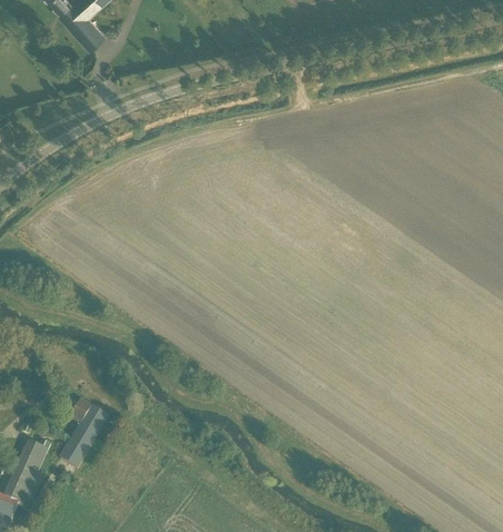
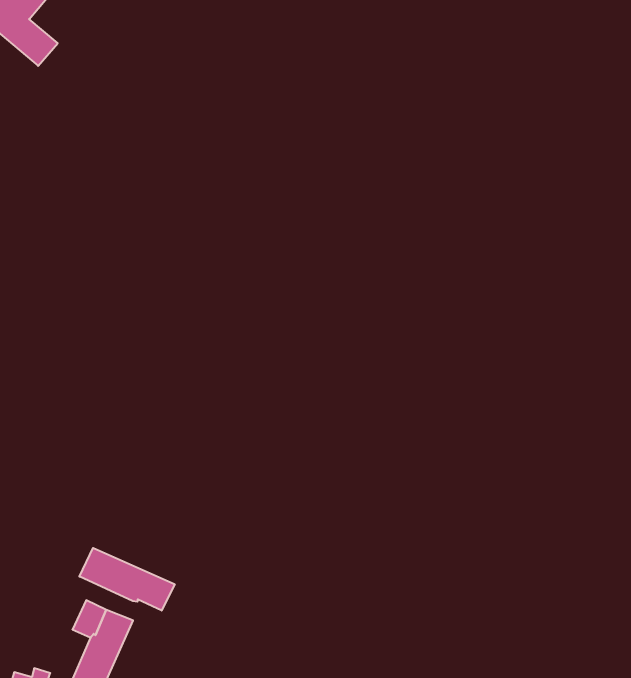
building: none -> [79,548,175,611]

